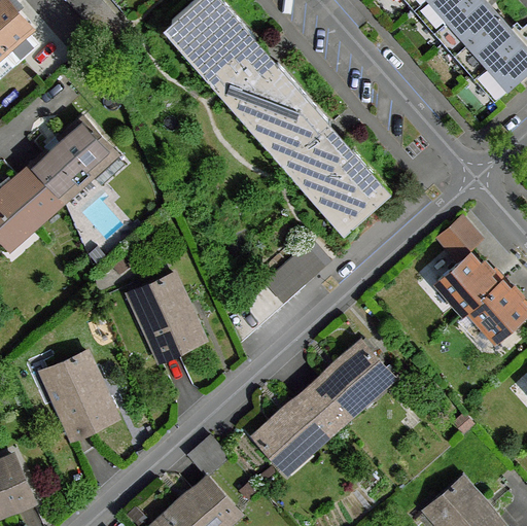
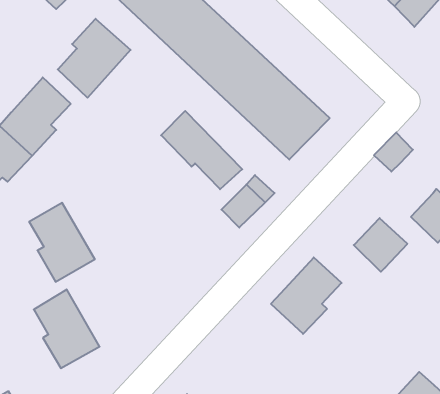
building: none -> [58,19,131,98]
building: none -> [161,111,242,189]
building: [437,254,496,313] -> [354,218,407,272]
building: [136,275,204,360] -> [29,203,95,282]
building: [255,389,340,466] -> none

